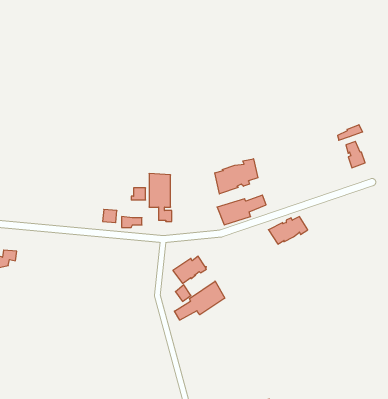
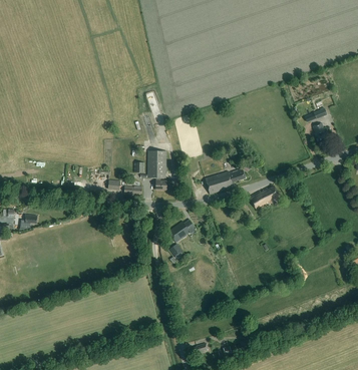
building: [215,159,258,194] -> none
building: [174,281,225,320] -> none

